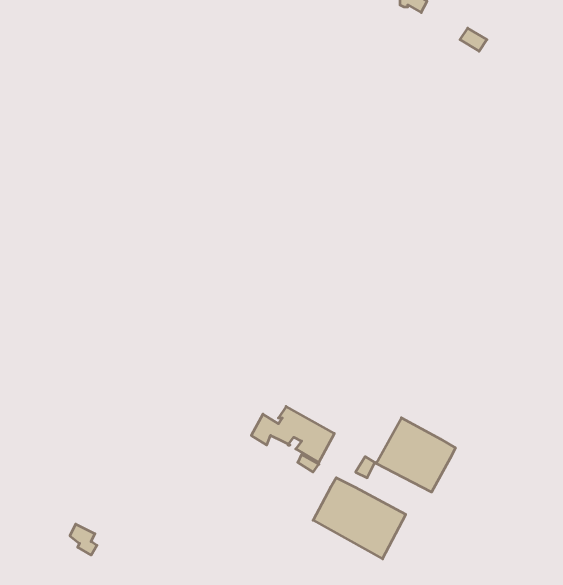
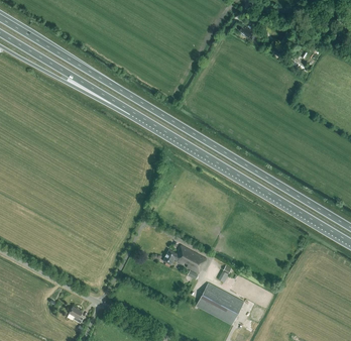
building: [376,418,455,492] -> none

